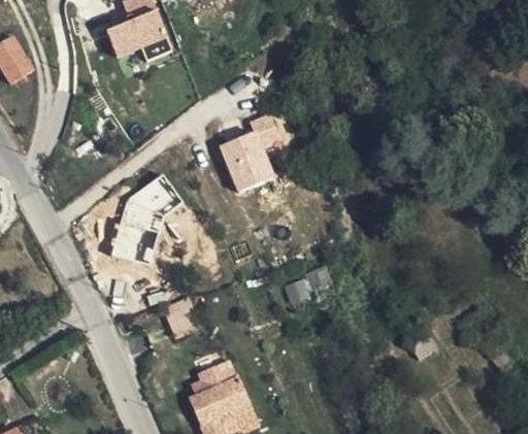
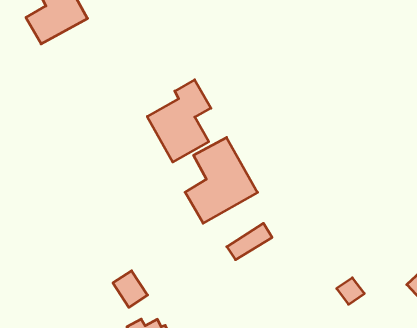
building: none -> [185,137,258,223]
building: [117,183,173,261] -> none

